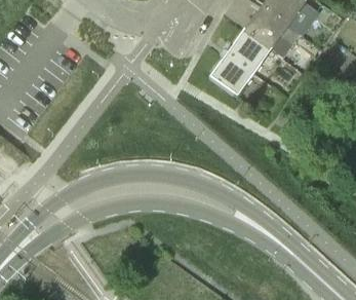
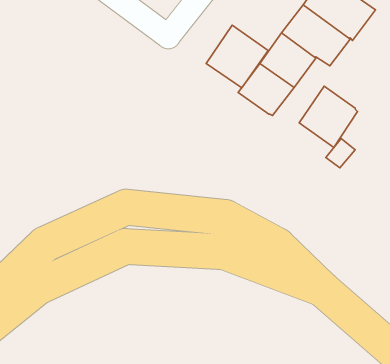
building: none -> [206,25,268,88]
building: none -> [299,86,357,148]

